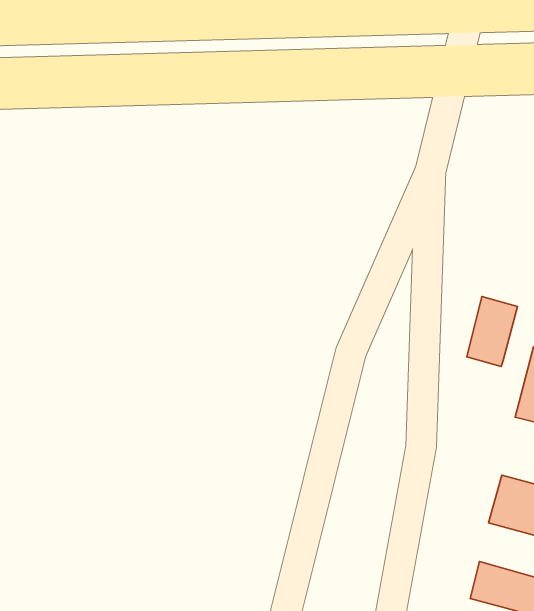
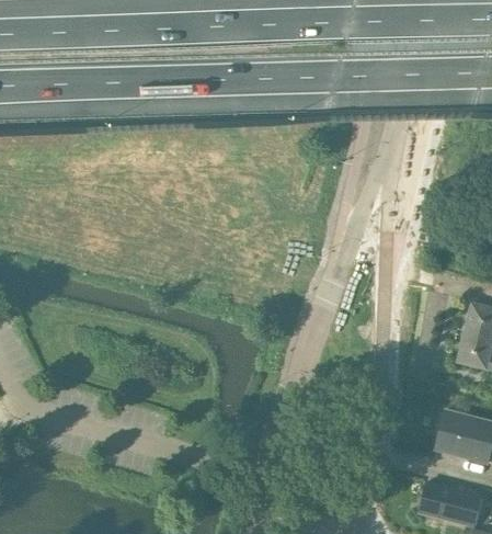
building: [467,296,518,367] -> none

